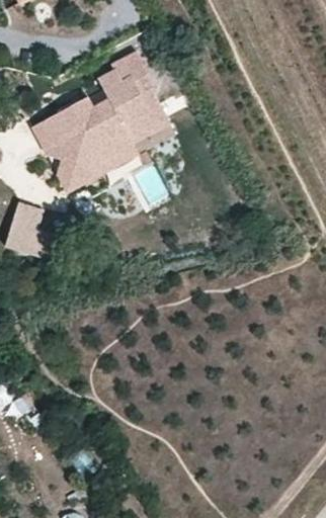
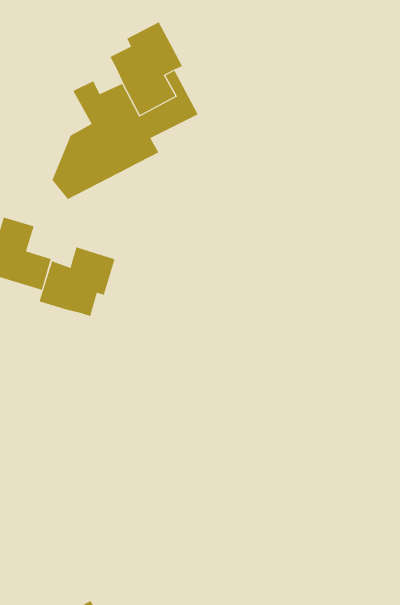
building: [31,106,85,158] -> none
building: none -> [39,247,115,317]

